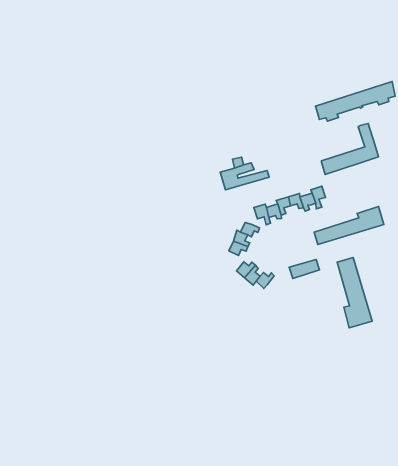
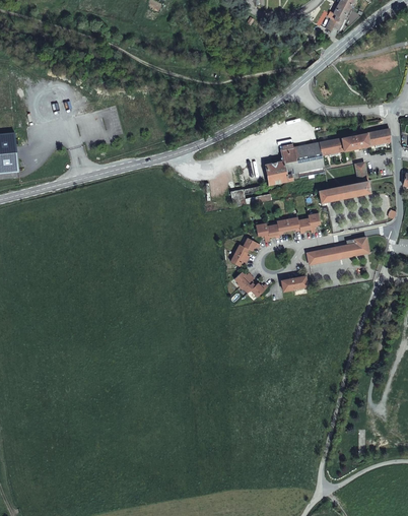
building: none -> [265,142,326,184]
building: [337,257,372,328] -> none

